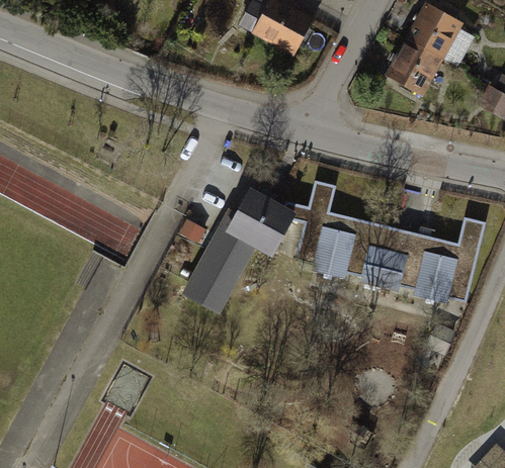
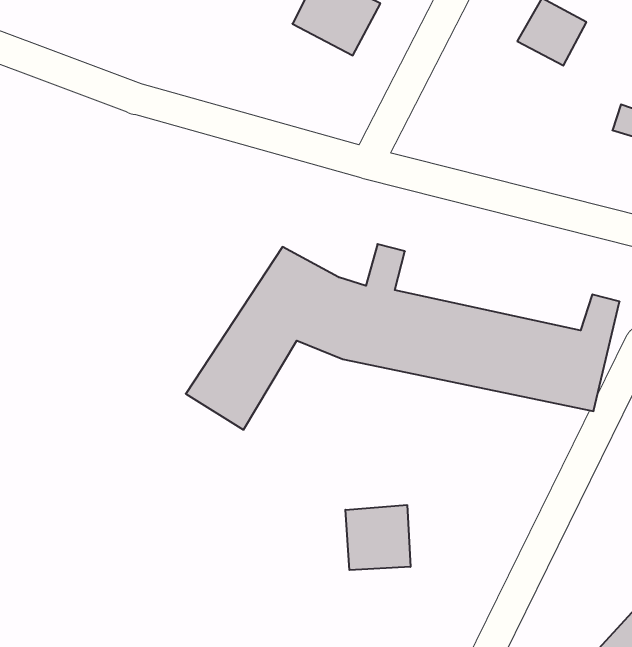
building: [395,40,444,88] -> none
building: none -> [345,505,410,570]

